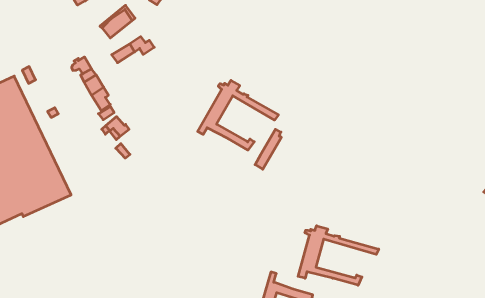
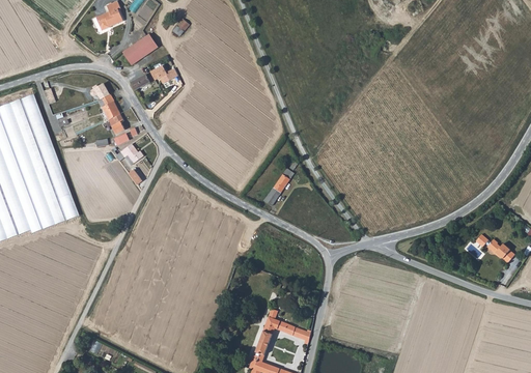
building: [198,80,278,150] -> none
building: [298,226,379,285] -> none

